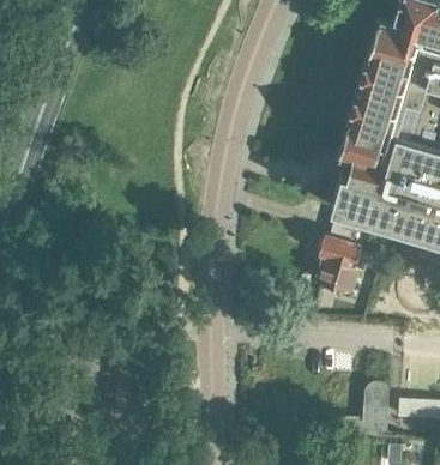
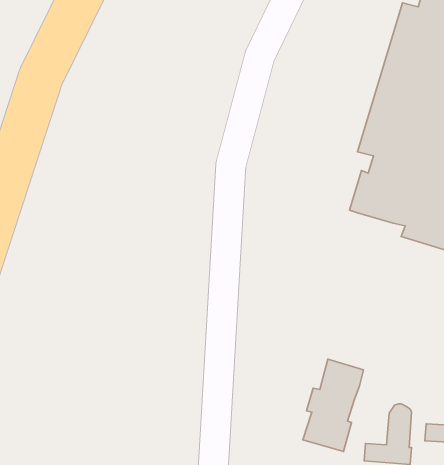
building: [315,213,370,297] -> [303,359,363,452]

